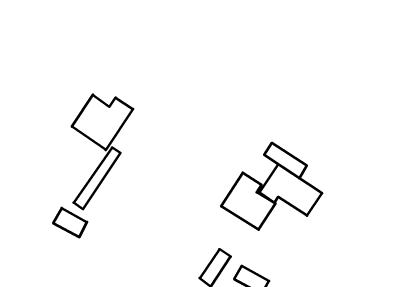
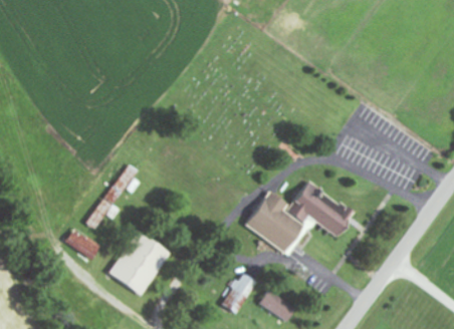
building: [72,95,133,150] -> none
building: [264,143,307,178] -> none
building: none -> [109,230,171,295]

